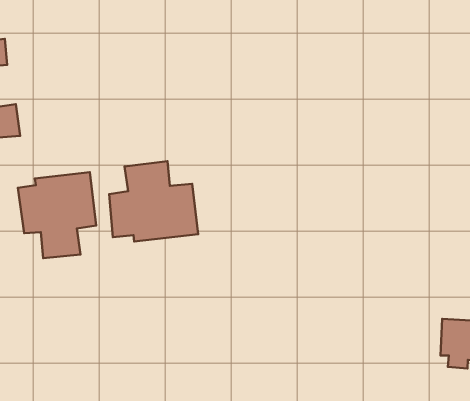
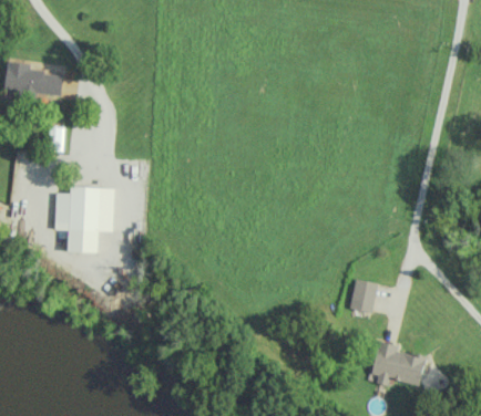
building: [109,161,198,242] -> none
building: none -> [348,279,378,318]

